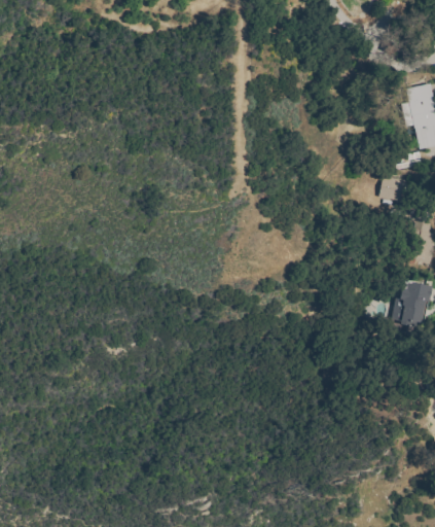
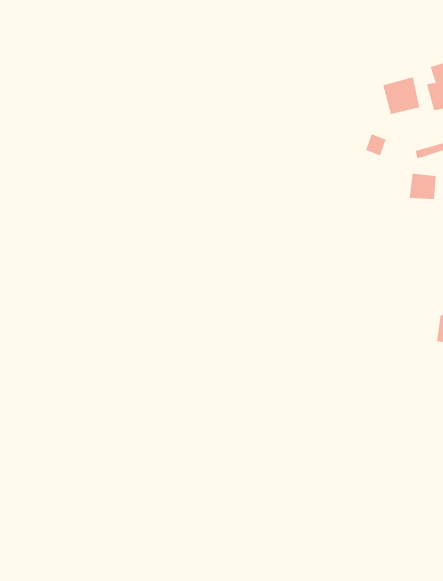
building: none -> [383,76,420,115]

